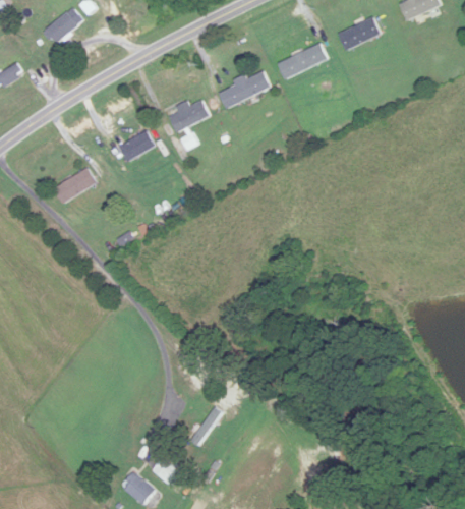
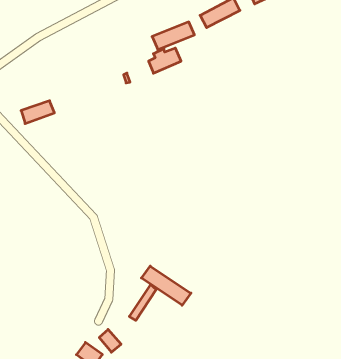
building: [168,100,209,131] -> [149,48,181,73]
building: [118,130,154,161] -> none
building: none -> [141,266,191,305]

